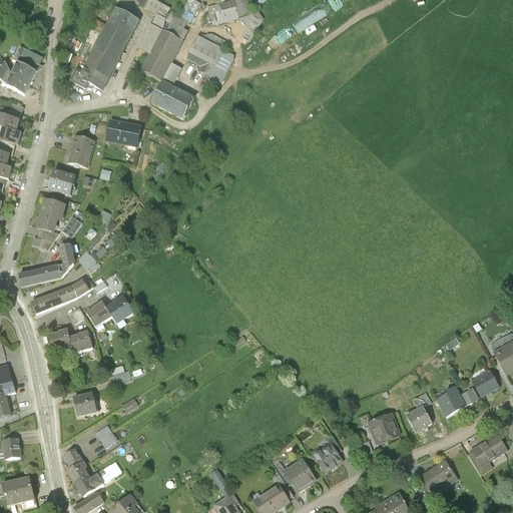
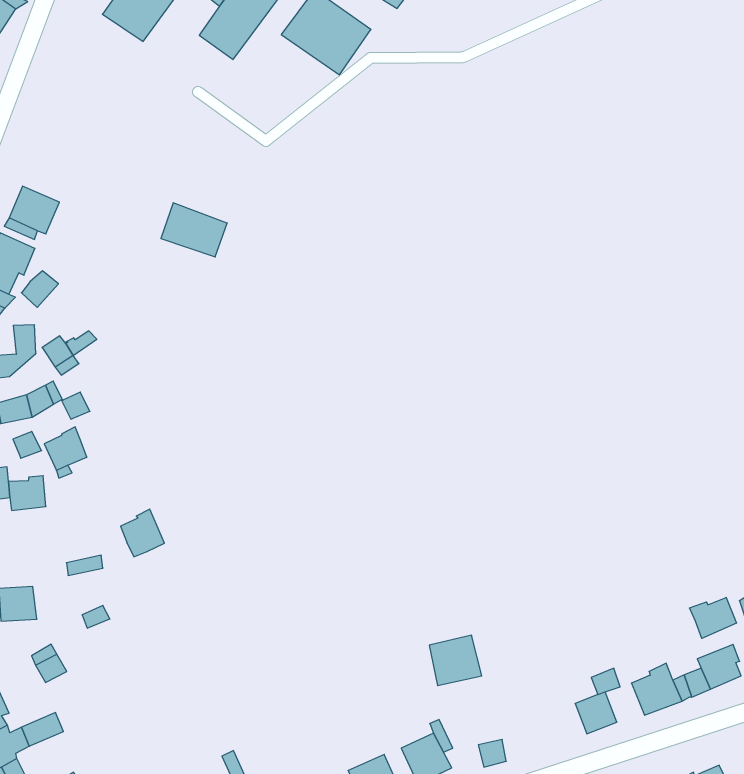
building: [71,65,109,89] -> none
building: [151,81,191,116] -> none
building: [105,118,141,145] -> [161,203,227,257]
building: [66,135,94,166] -> none
building: [106,295,132,323] -> [121,509,164,557]
building: none -> [689,597,737,638]
building: [367,413,399,444] -> [429,635,482,686]

